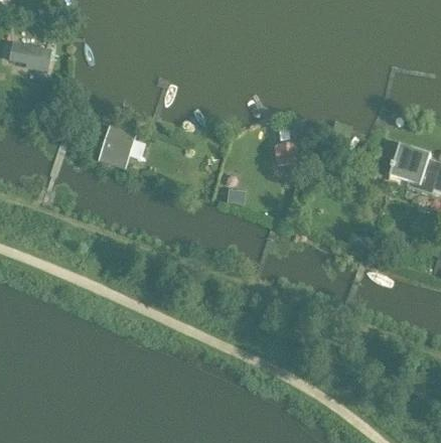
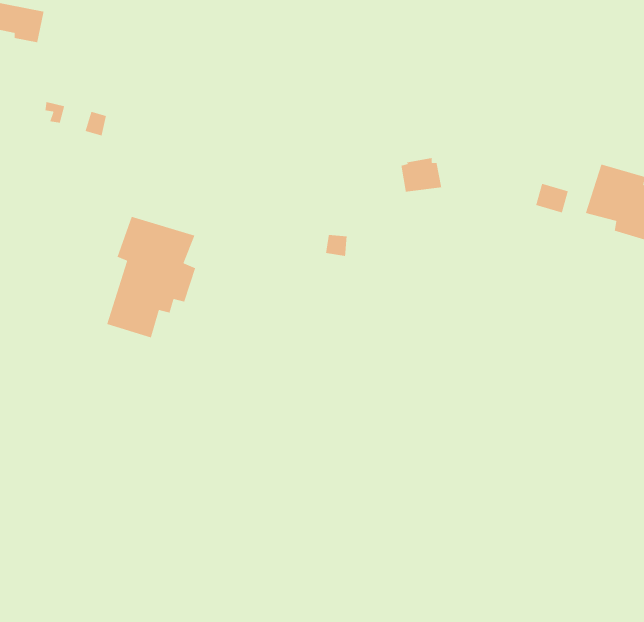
building: [100,132,132,165] -> none
building: none -> [106,216,196,338]

